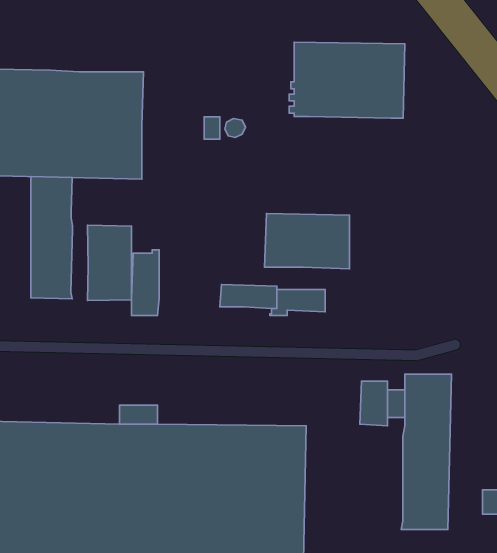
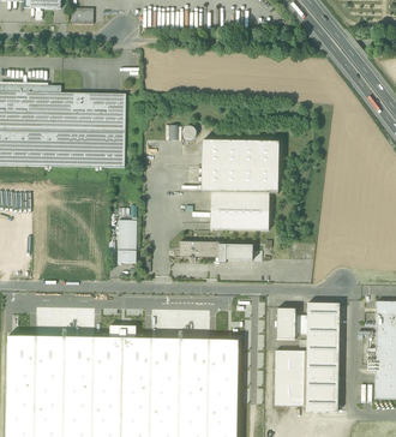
building: [289,42,405,118] -> [198,140,278,193]
building: [31,177,72,299] -> none
building: [87,225,132,300] -> none
building: none -> [275,351,306,406]

